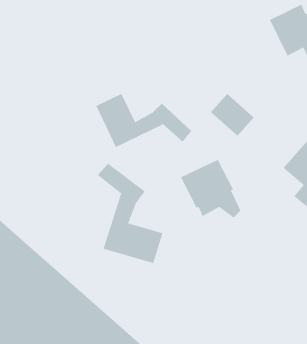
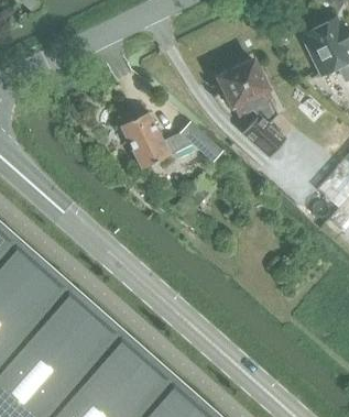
building: [180,159,241,218] -> [214,56,277,118]
building: [97,163,163,264] -> none

